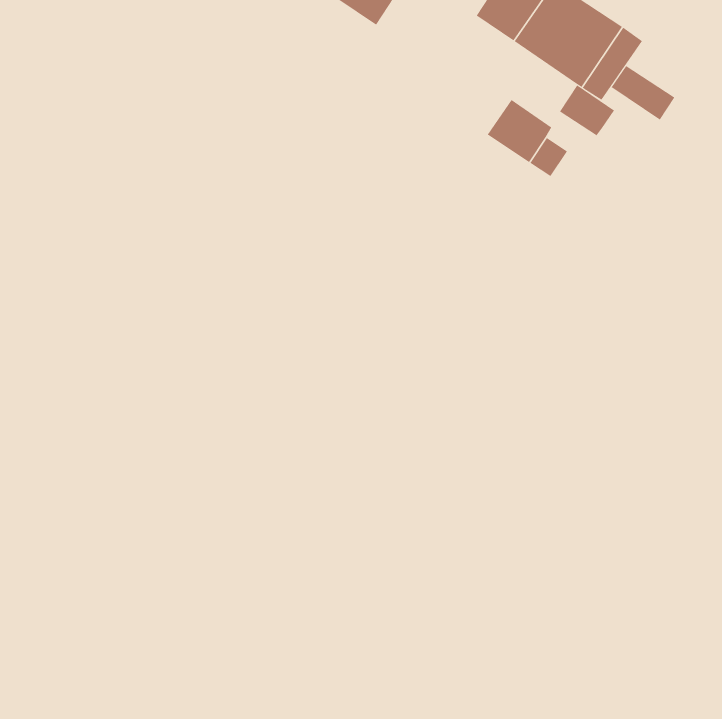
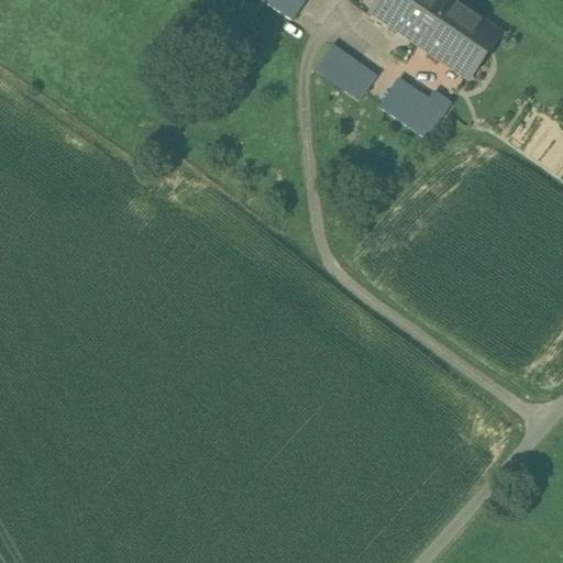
building: none -> [316,44,376,99]
building: [611,65,675,120] -> none
building: [559,85,615,136] -> none

